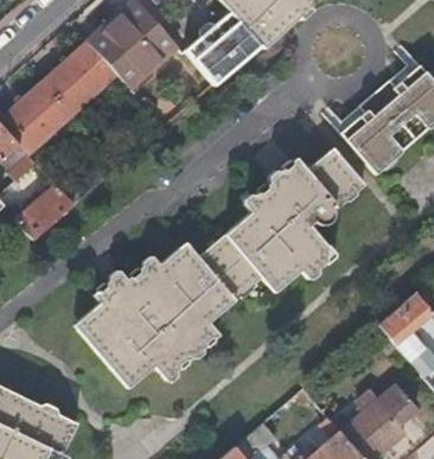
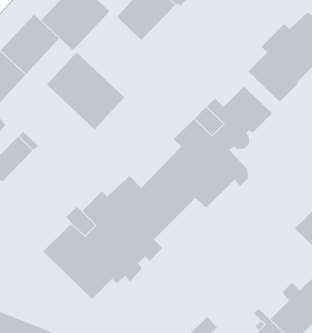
building: none -> [46,51,125,131]

